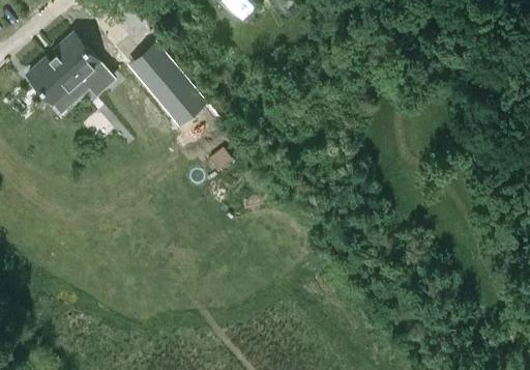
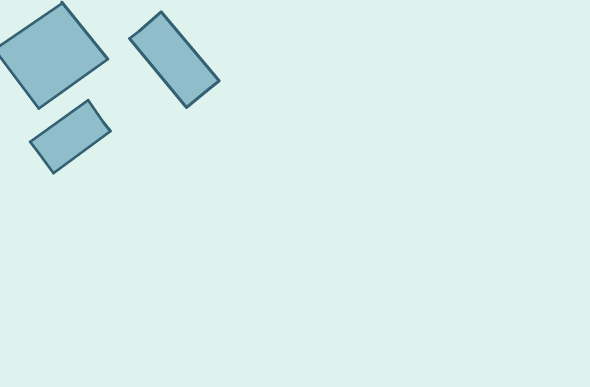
building: none -> [30,100,110,173]

